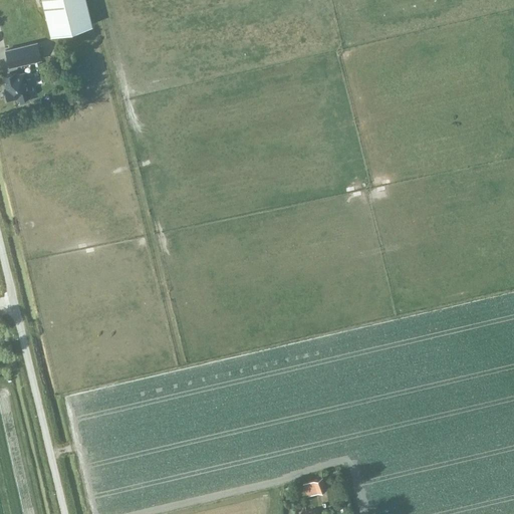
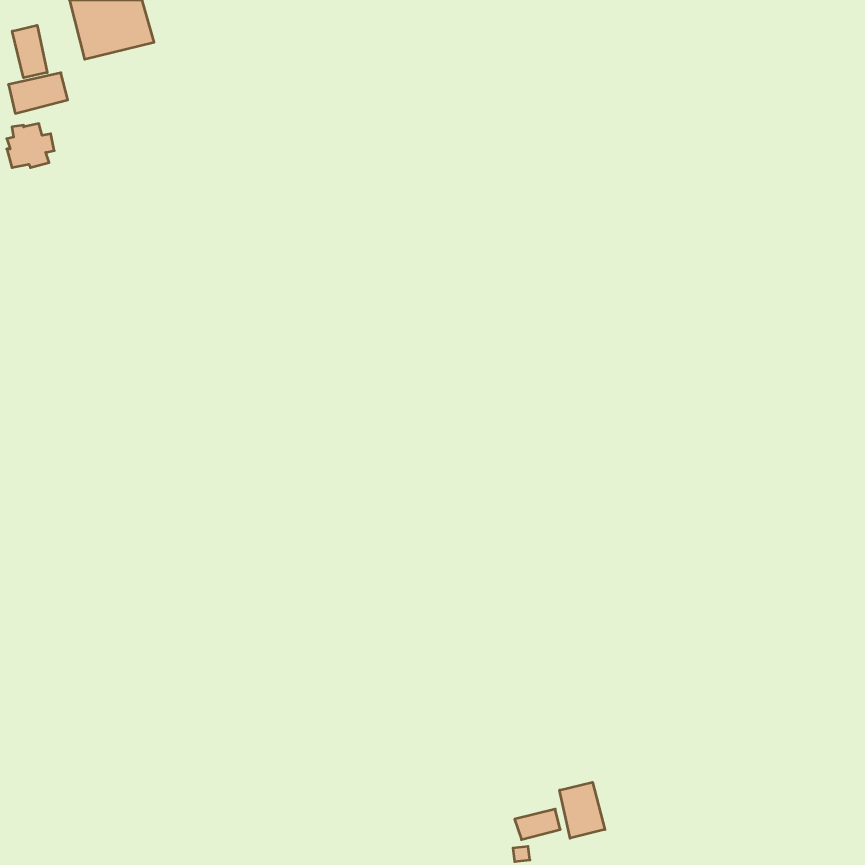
building: none -> [12,25,47,78]
building: none -> [560,782,605,838]

